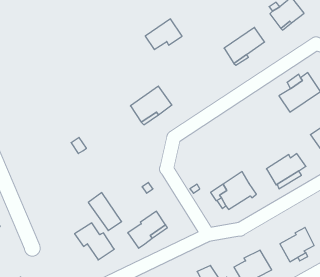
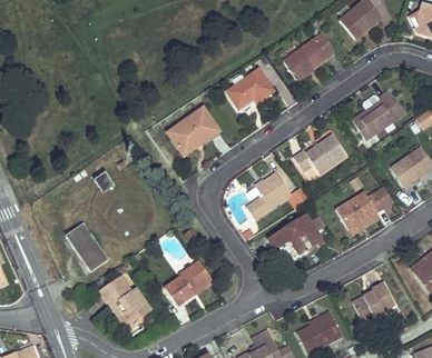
building: [145,19,182,50] -> [227,70,273,108]
building: none -> [293,133,346,172]
building: none -> [245,173,308,220]
building: [88,193,122,231] -> [66,222,107,269]

